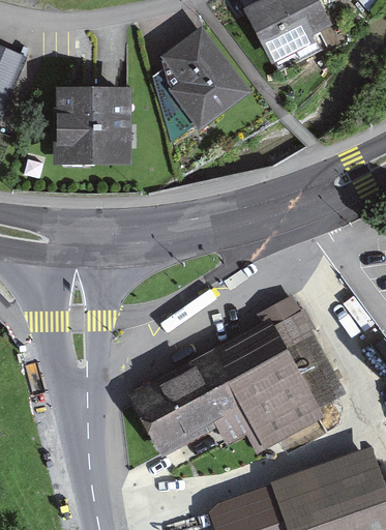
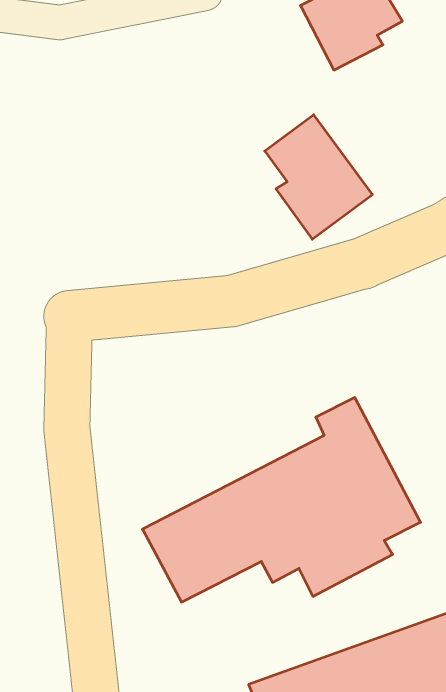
building: [165,31,244,123] -> [265,115,372,239]
building: [62,89,125,155] -> none

